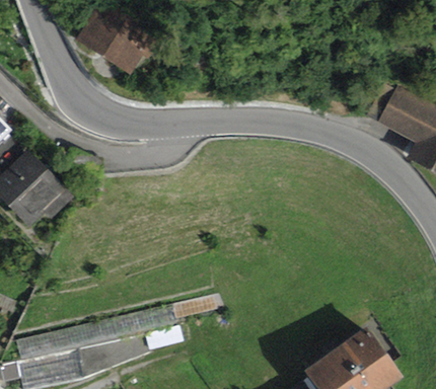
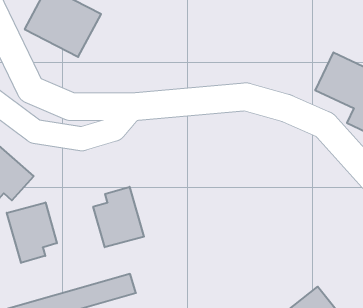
building: none -> [93,187,144,247]
building: none -> [7,202,57,263]

